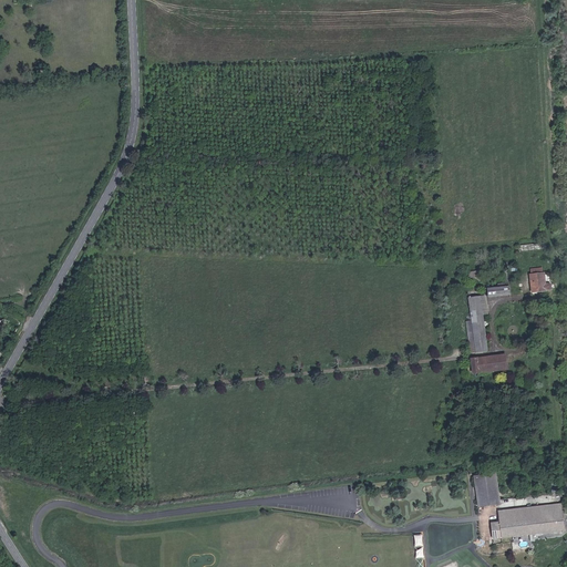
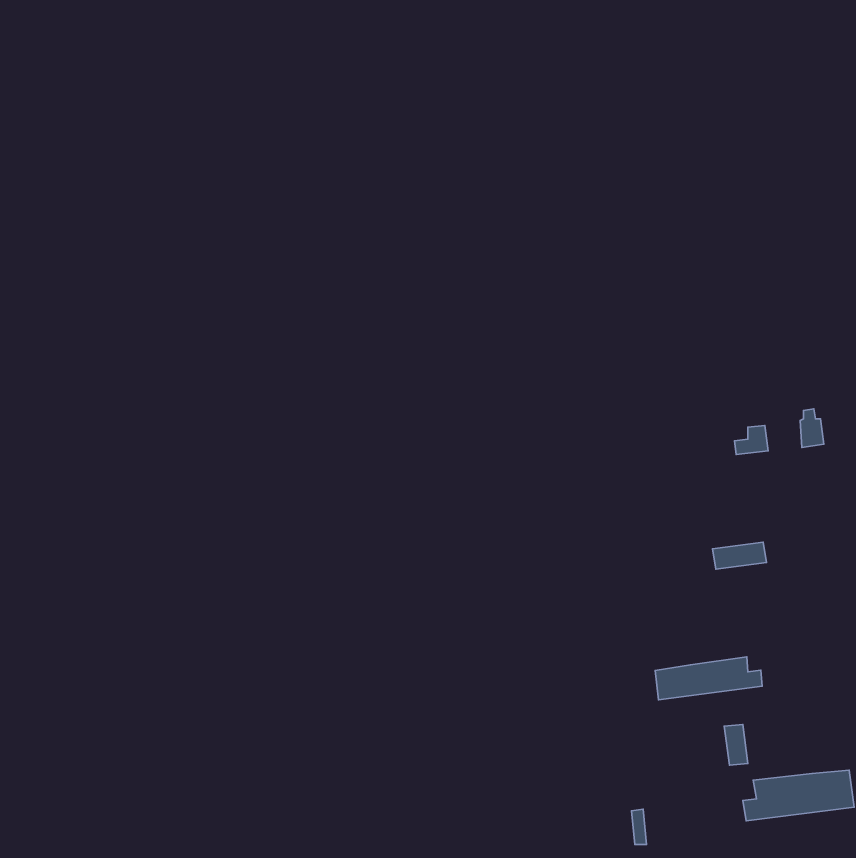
building: [467,297,486,354] -> none
building: none -> [655,657,762,700]

